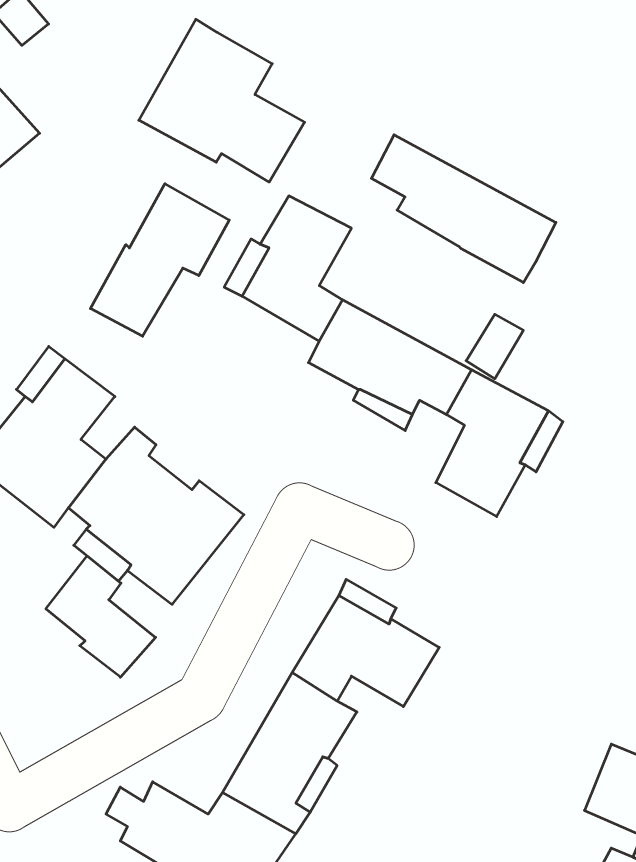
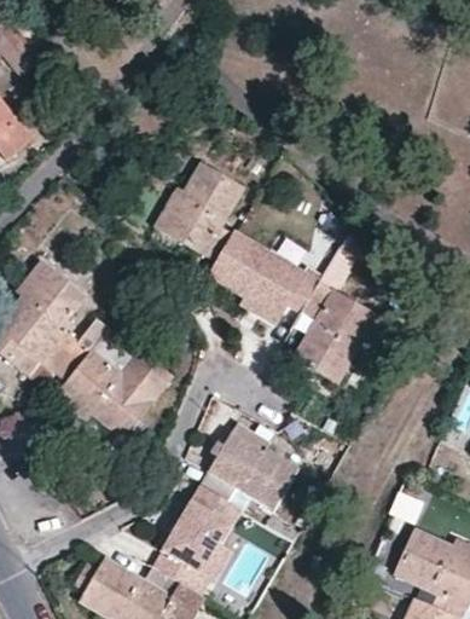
building: [139,19,305,182] -> none
building: [371,135,556,283] -> none
building: [90,184,229,336] -> none
building: [46,556,156,677] -> none

